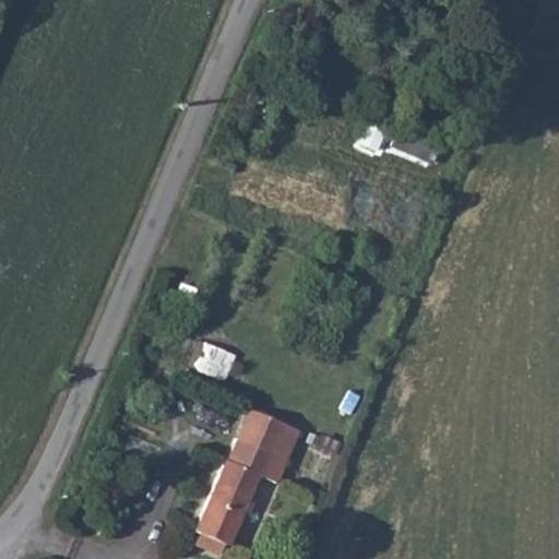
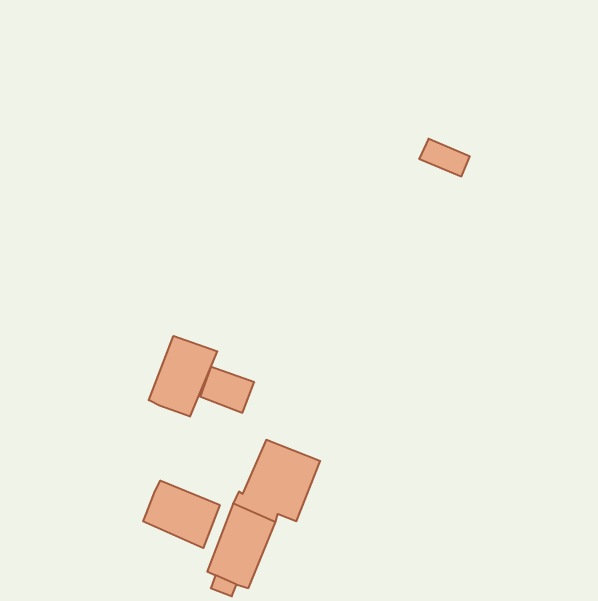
building: none -> [149,336,217,417]
building: none -> [143,481,220,548]

